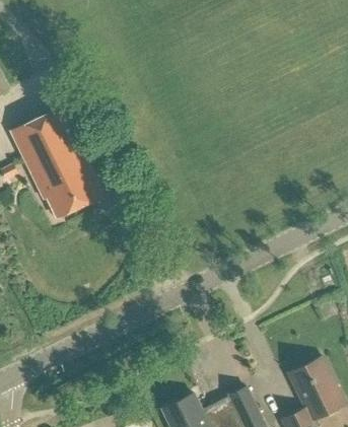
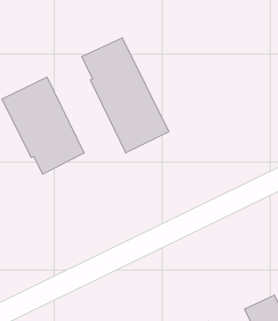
building: none -> [82,38,169,153]

